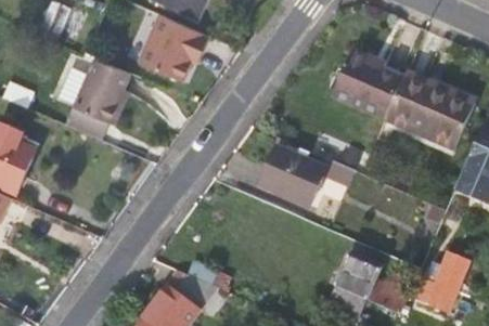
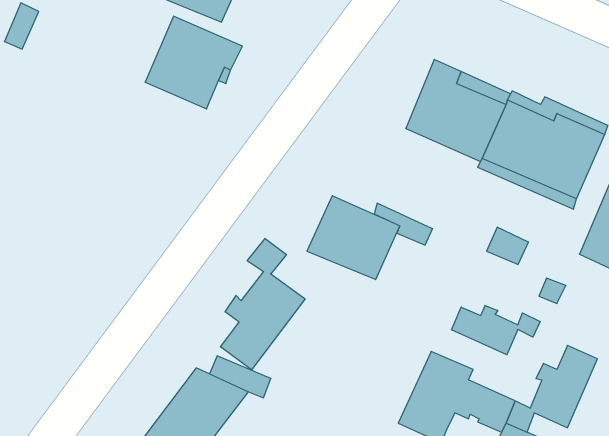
building: [75,57,133,122] -> none
building: none -> [220,238,305,370]
building: none -> [451,305,540,355]

